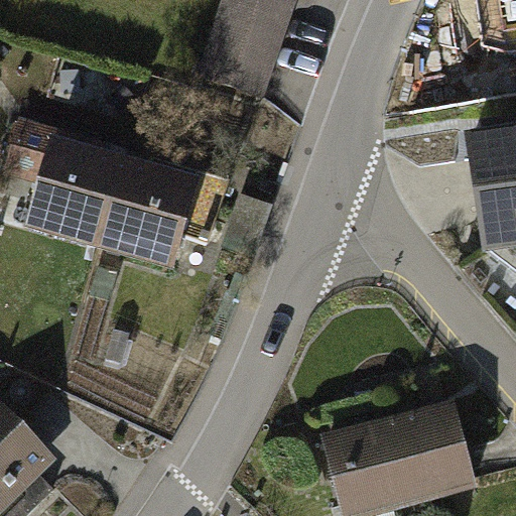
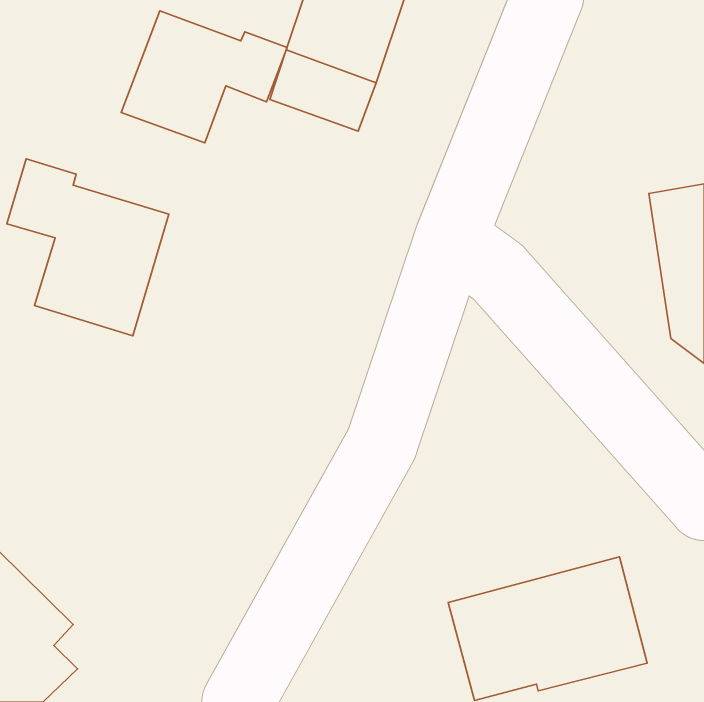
building: none -> [121,11,287,143]
building: [97,156,233,267] -> none

